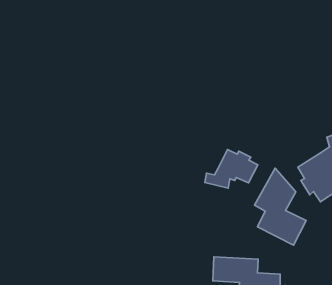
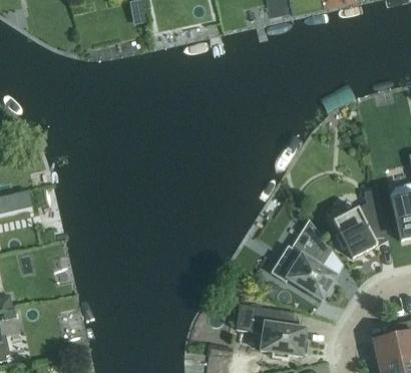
building: [205,149,258,188] -> none

